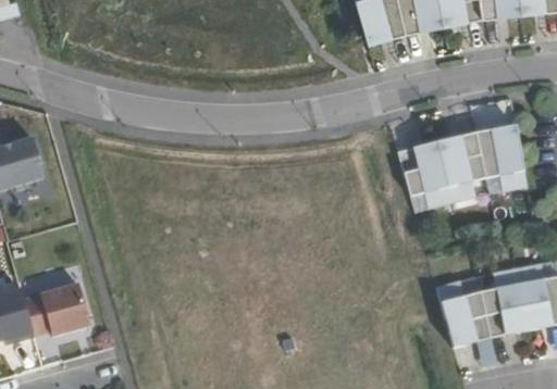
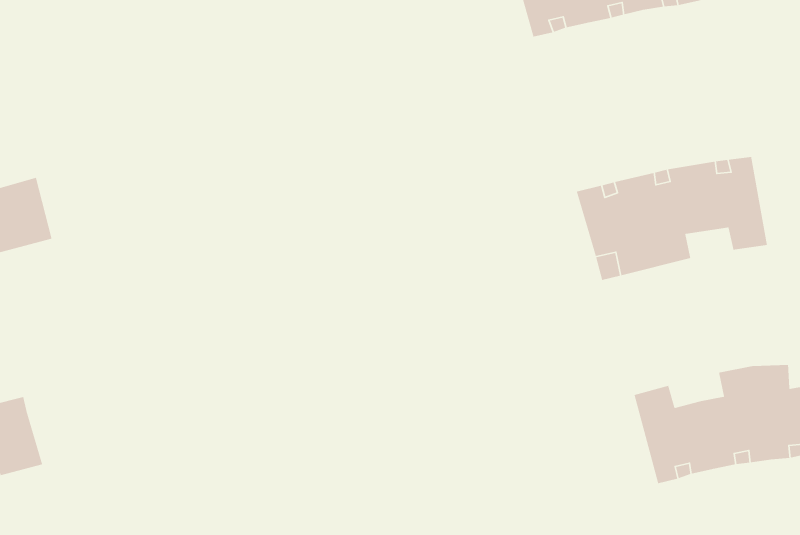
building: [24,284,90,337] -> none

